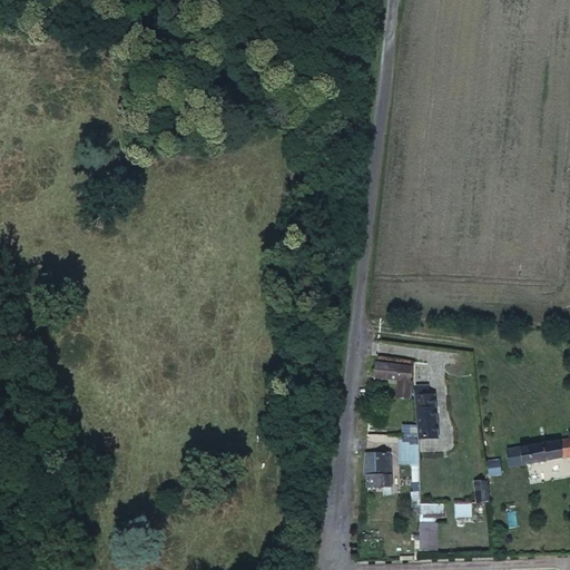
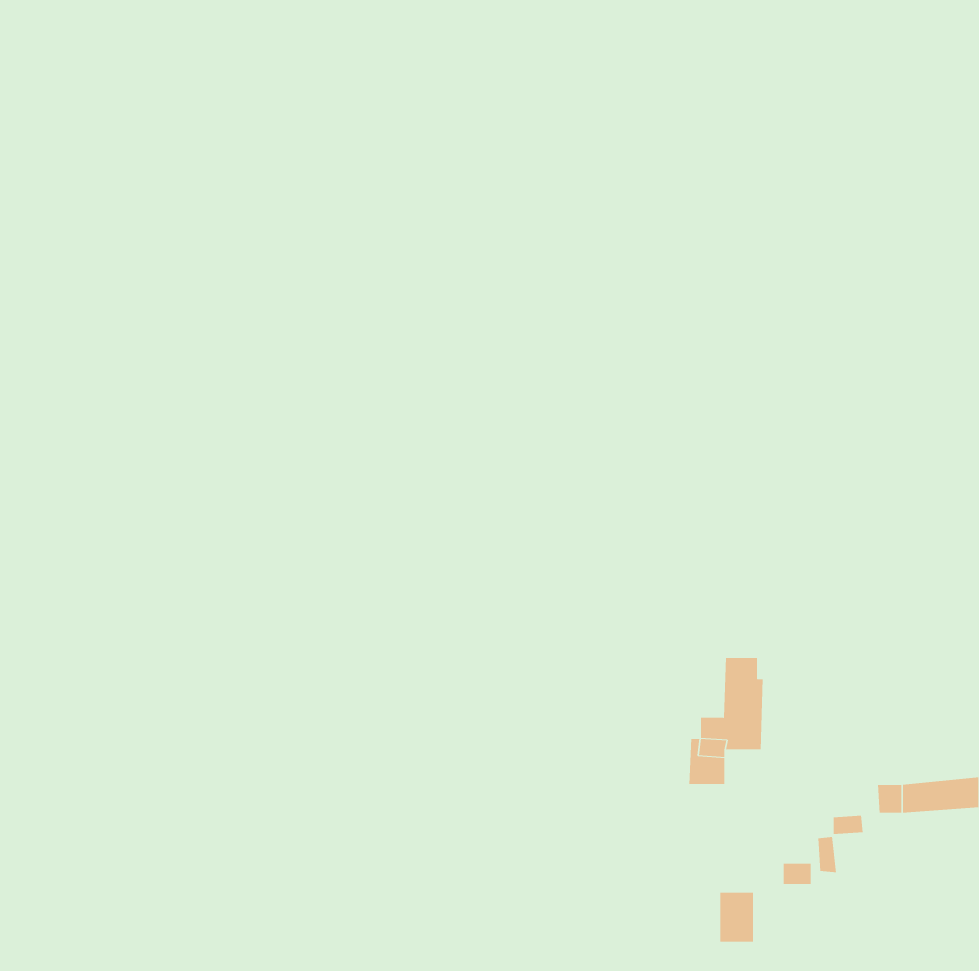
building: [376,355,414,391] -> none
building: [365,451,391,489] -> none

